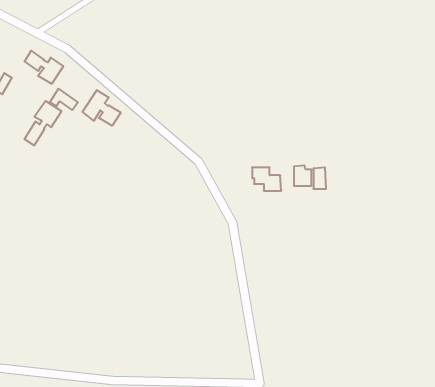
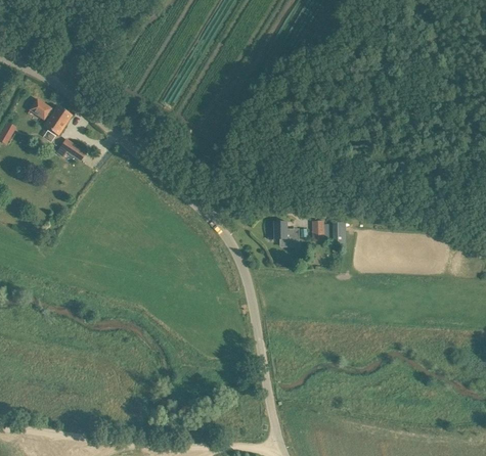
building: [83,90,121,126] -> none
building: [25,101,61,146] -> none

